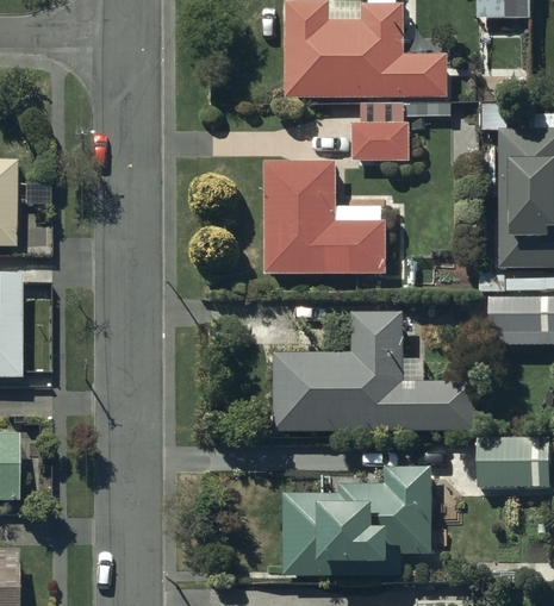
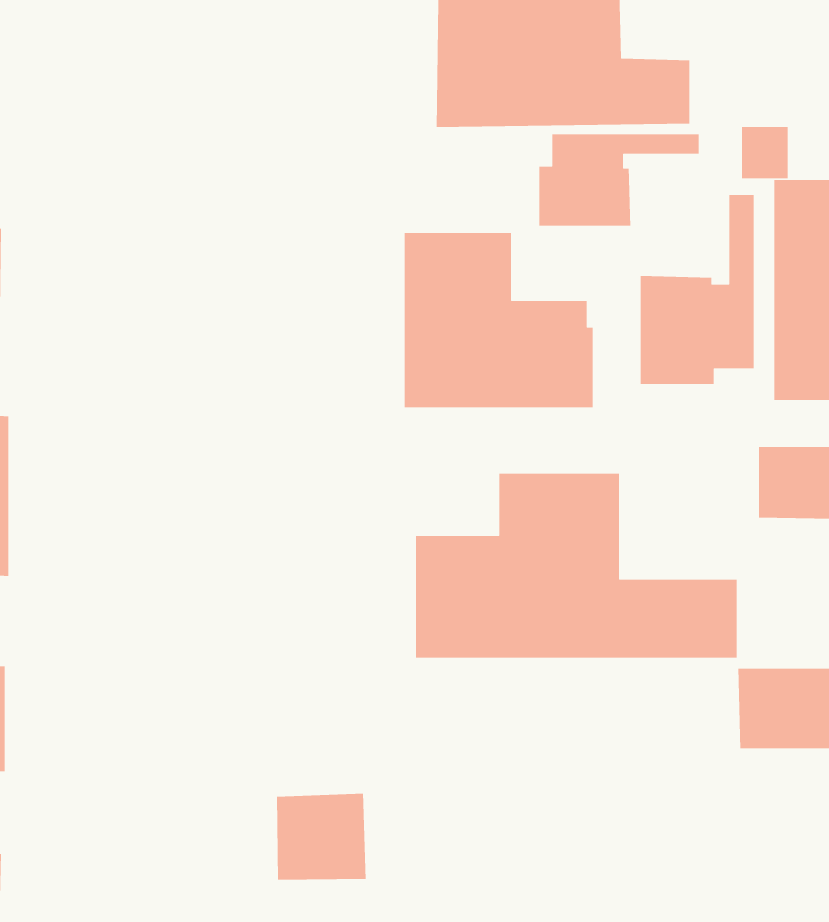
building: none -> [640,194,754,385]
building: [284,467,431,577] -> none
building: none -> [276,793,367,881]

